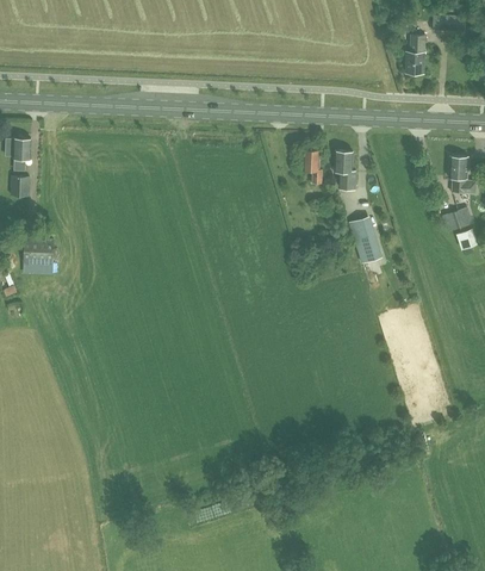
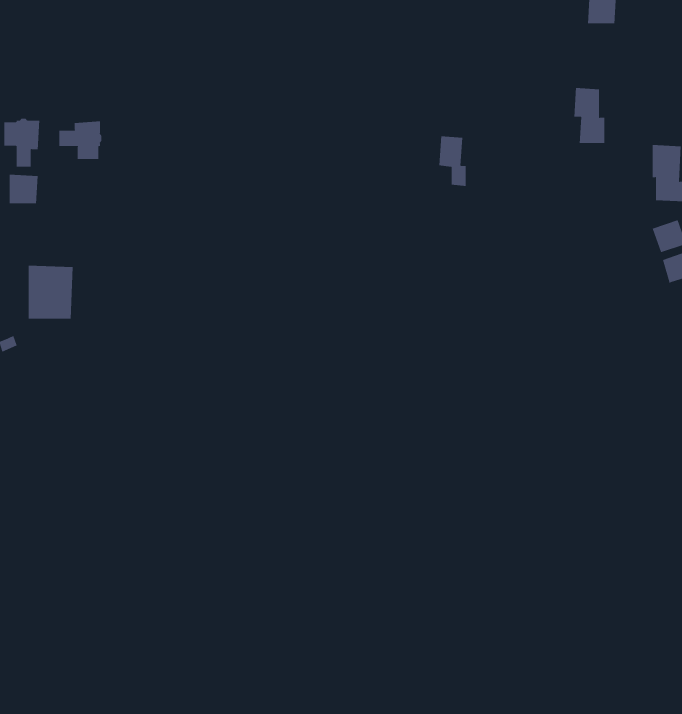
building: none -> [59,121,102,160]
building: [334,150,355,188] -> [574,88,605,144]
building: [349,217,381,263] -> none

